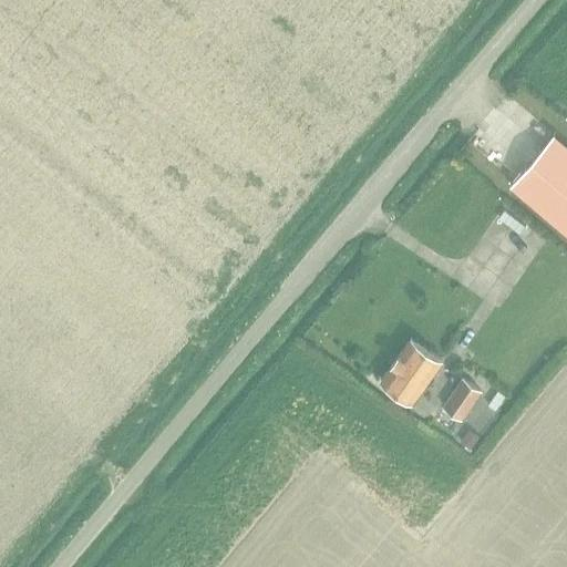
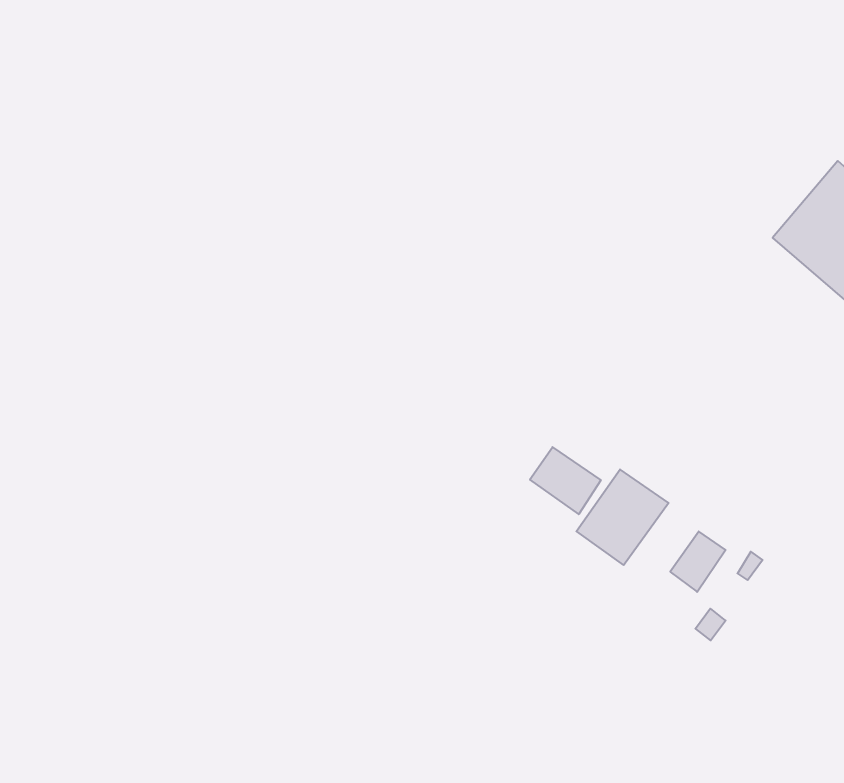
building: none -> [530,447,601,514]

